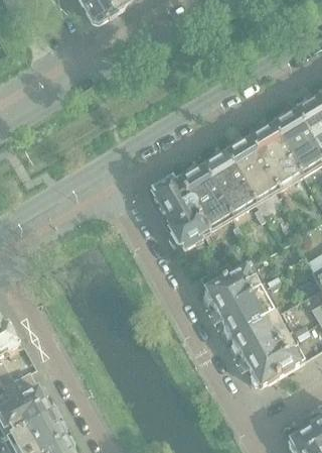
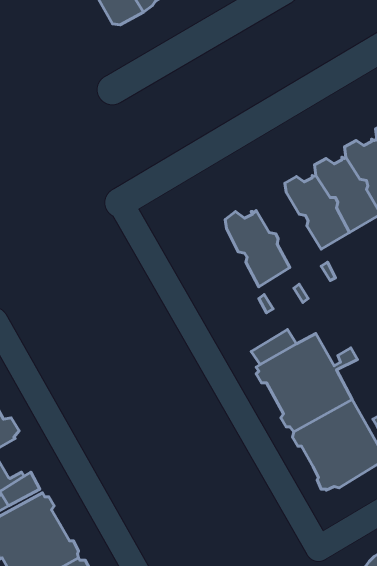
building: [203,153,255,212] -> none
building: [150,179,206,250] -> none

